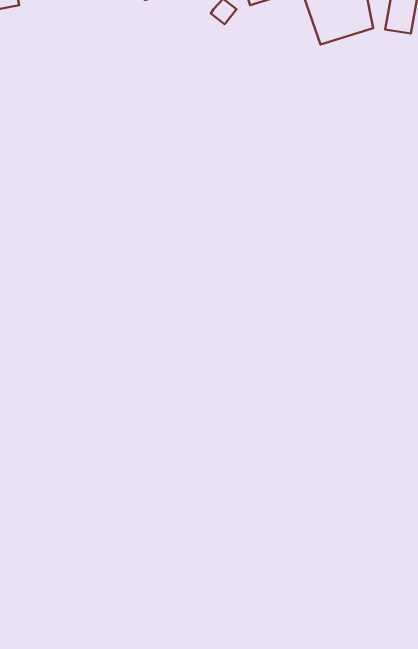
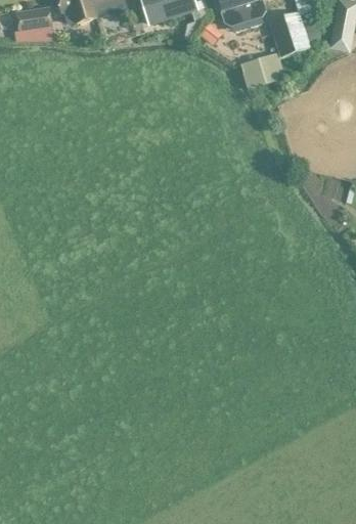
building: none -> [248,53,285,87]

